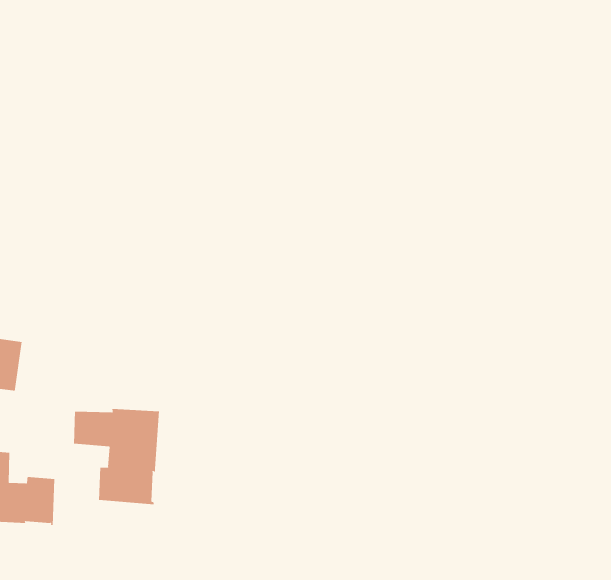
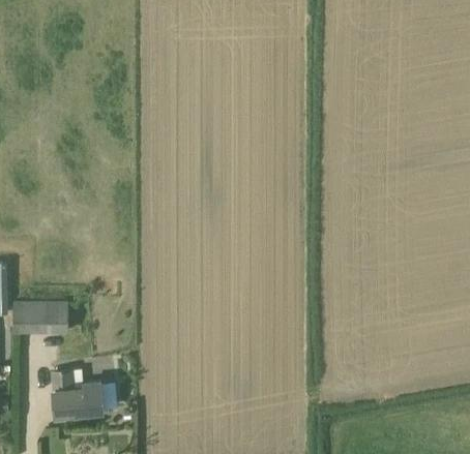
building: [73,408,159,505] -> none

